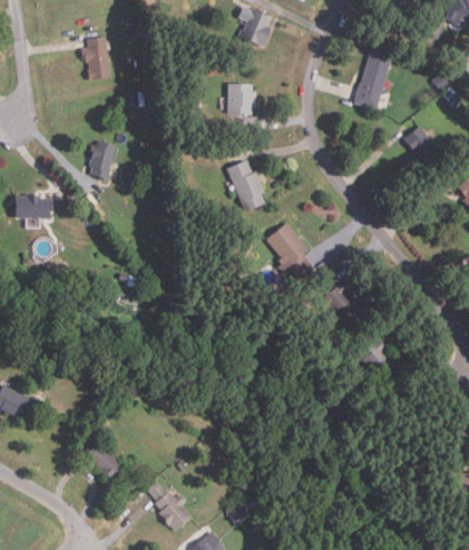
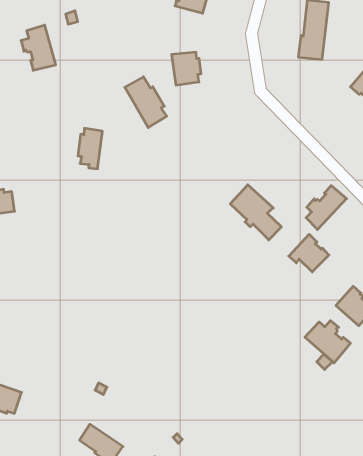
building: [87,138,115,180] -> [78,128,102,169]
building: [226,160,264,212] -> [125,77,167,128]
building: none -> [306,186,347,230]
building: none -> [305,321,350,363]

